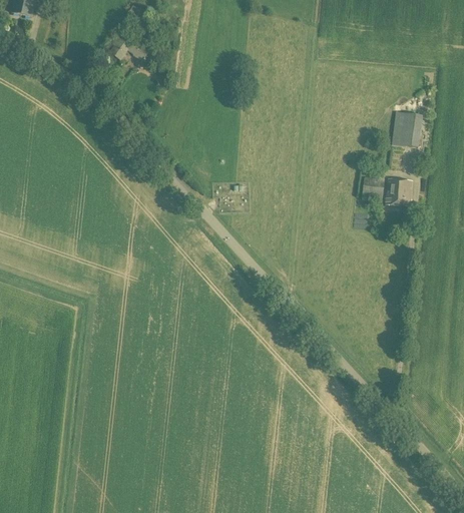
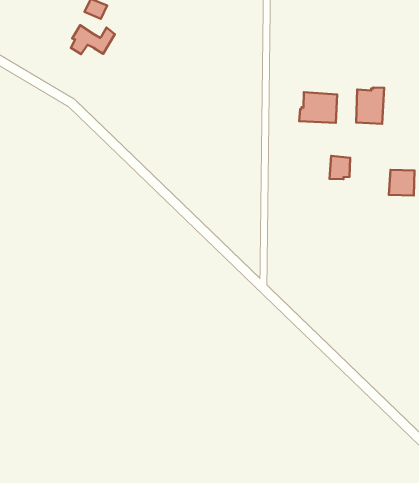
building: none -> [299,92,337,123]
building: [385,178,412,205] -> [389,170,414,195]

